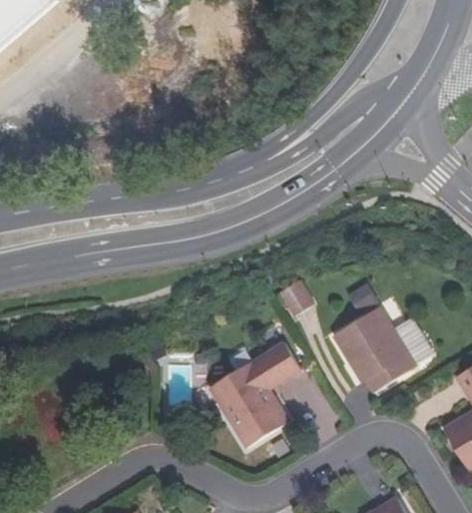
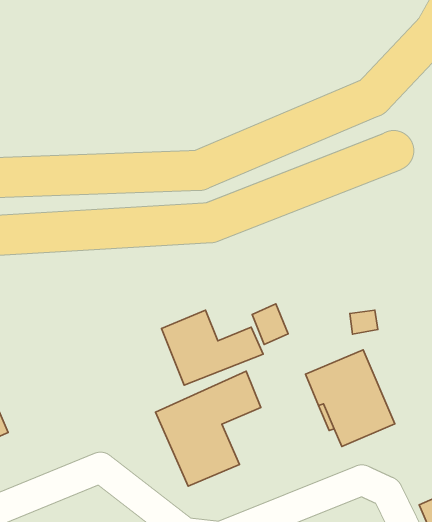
building: none -> [161,310,263,385]

